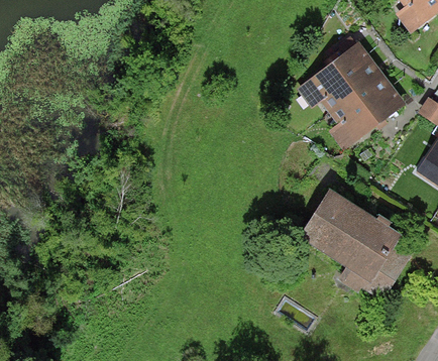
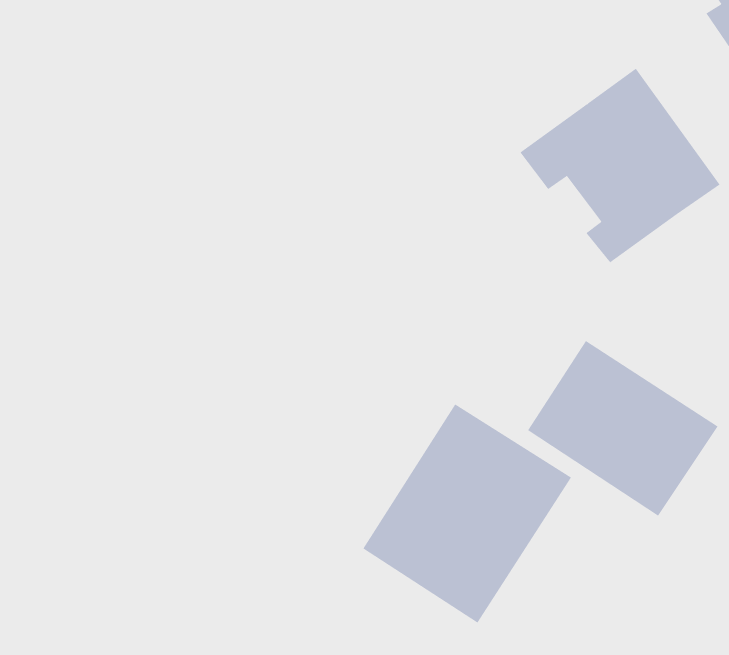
building: none -> [363,403,572,623]

